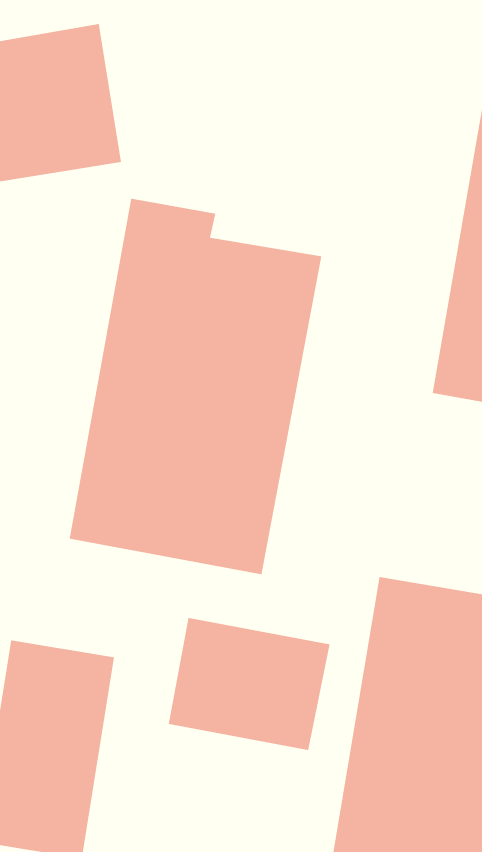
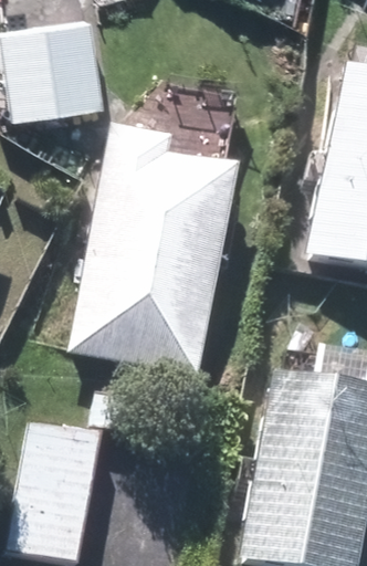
building: [168,617,330,751] -> none

